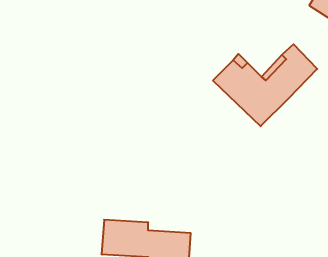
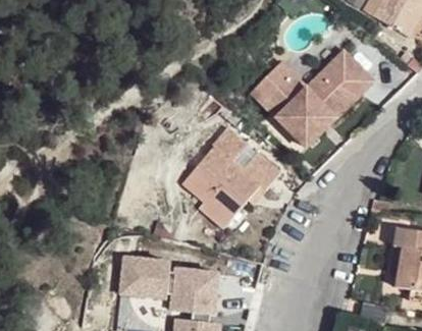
building: none -> [179,129,274,221]

